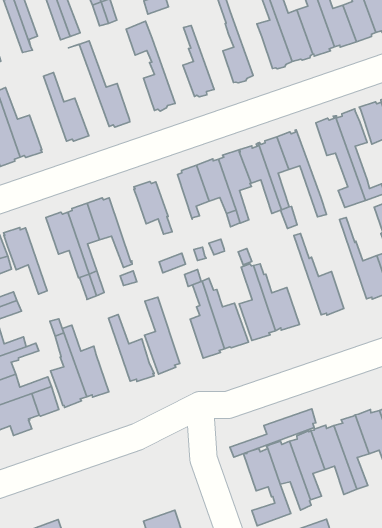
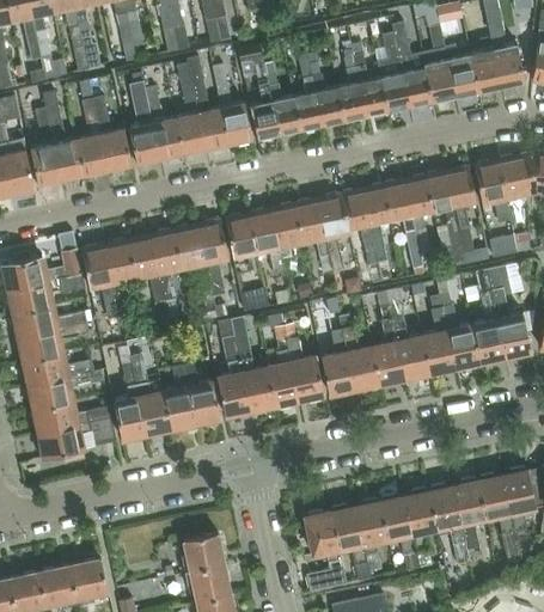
building: none -> [350,43,387,116]
building: none -> [307,53,344,126]
building: none -> [264,62,301,135]
building: none -> [212,63,253,147]
building: none -> [175,60,207,158]
building: none -> [128,84,160,167]
building: none -> [404,175,433,253]
building: none -> [249,209,286,275]
building: none -> [197,219,230,296]
building: none -> [105,238,136,316]
building: none -> [422,280,456,374]
building: none -> [373,290,405,385]
building: none -> [232,316,275,411]
building: none -> [163,353,195,430]
building: [230,409,316,457] -> none
building: none -> [183,533,225,571]

